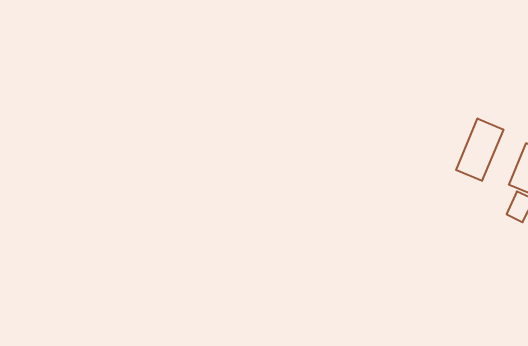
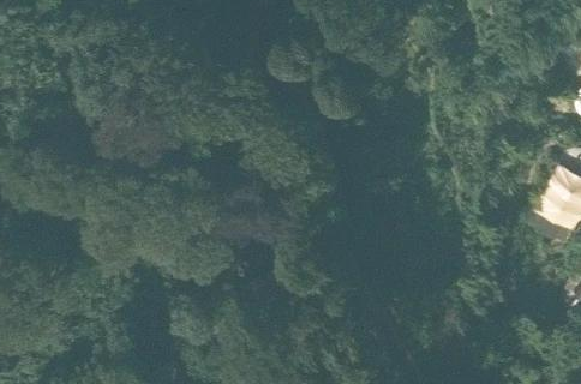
building: [456,118,503,181] -> none

